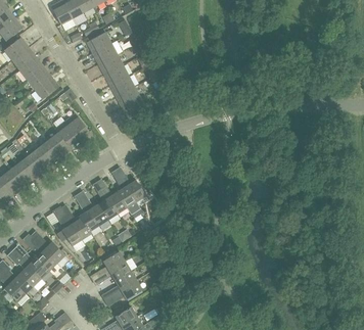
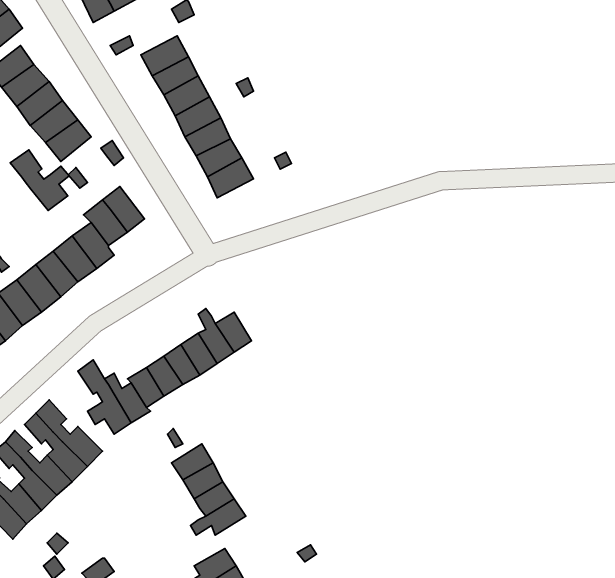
building: none -> [10,150,69,211]

